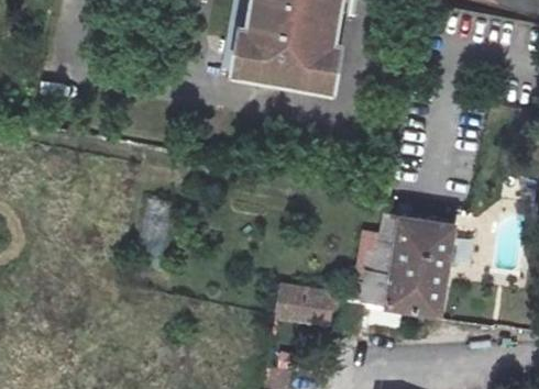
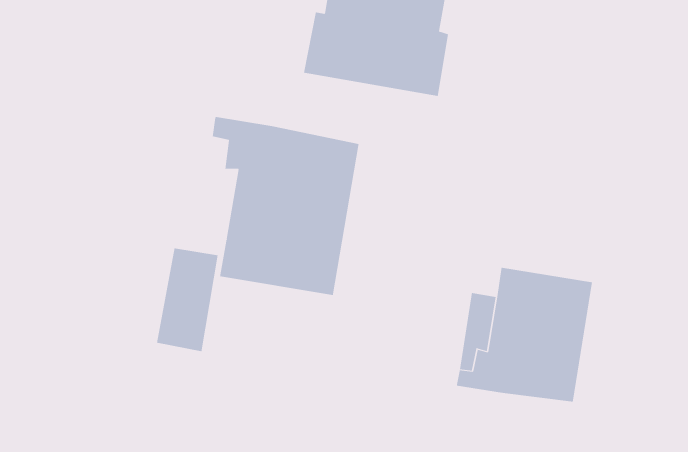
building: none -> [212,116,359,296]
building: [274,286,331,327] -> none

